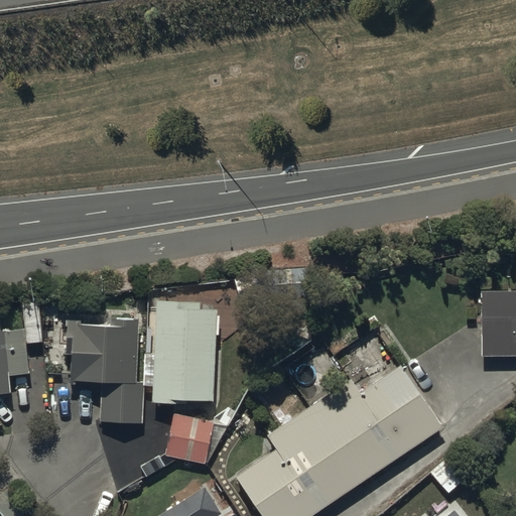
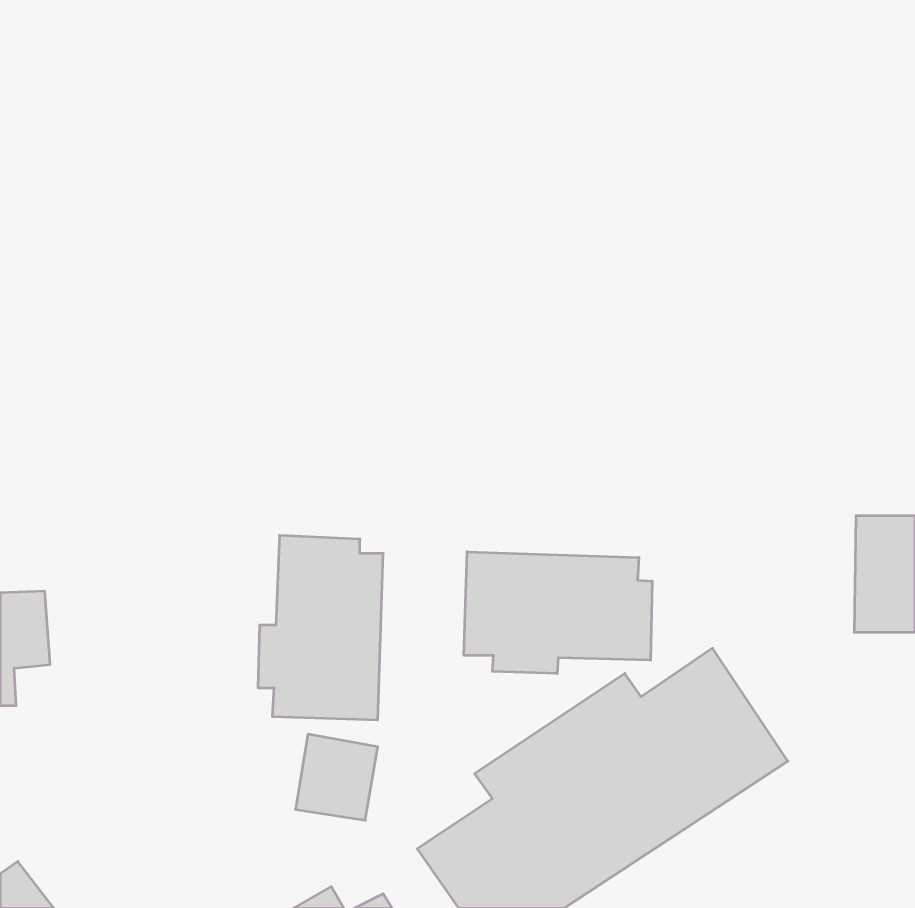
building: none -> [464,552,652,674]
building: [67,319,142,422] -> none

